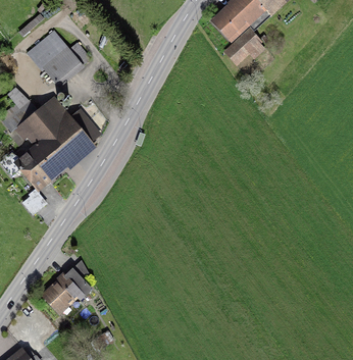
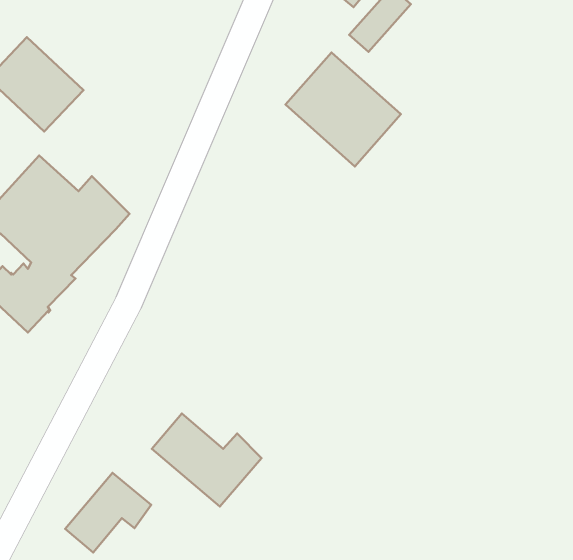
building: none -> [286,52,401,166]
building: none -> [152,413,261,506]

